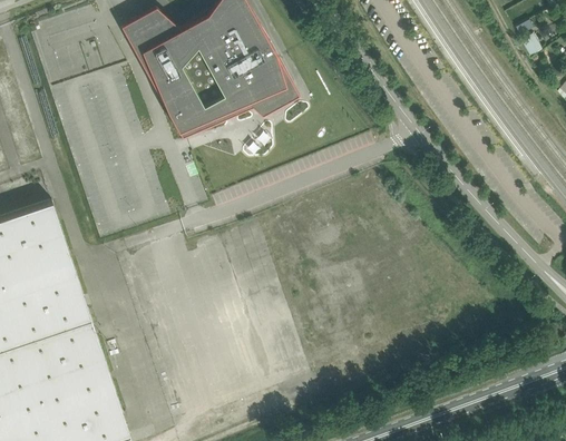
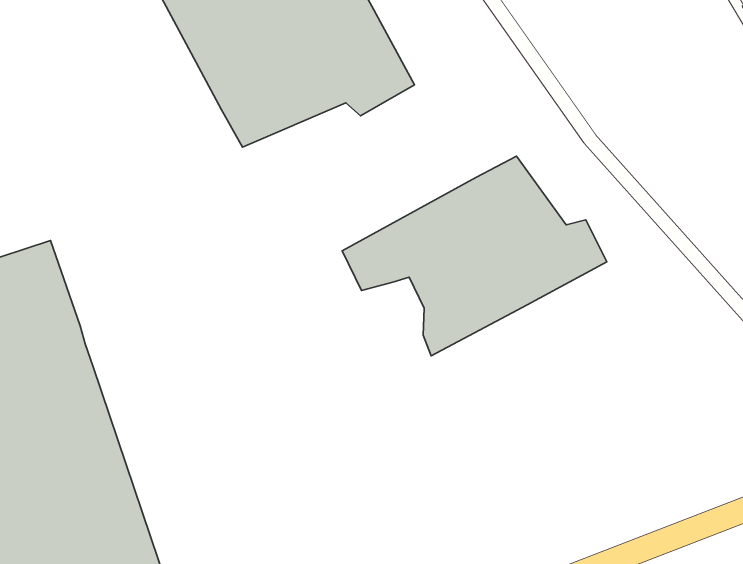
building: none -> [342,156,607,356]

